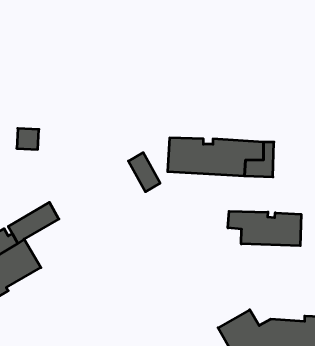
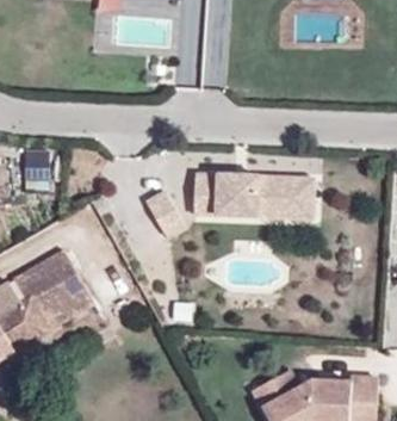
building: [228,211,301,246] -> none
building: none -> [30,267,88,322]

